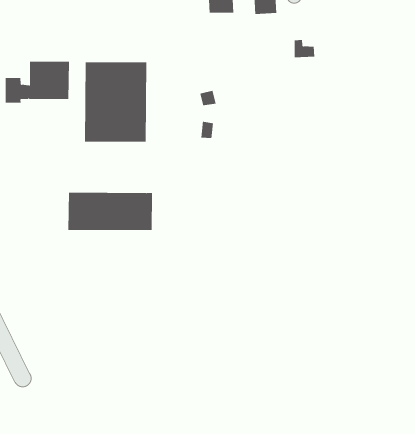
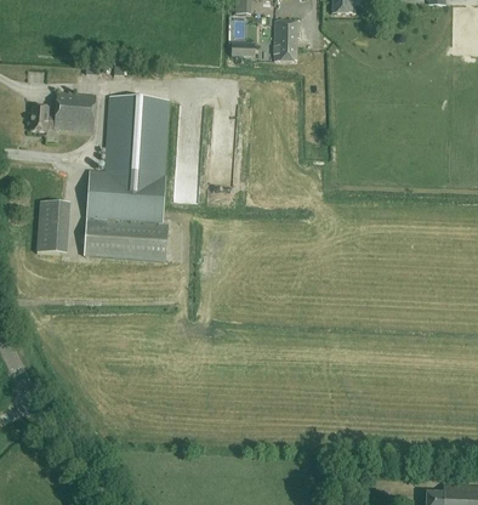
building: none -> [86,170,164,223]
building: none -> [36,200,62,252]

